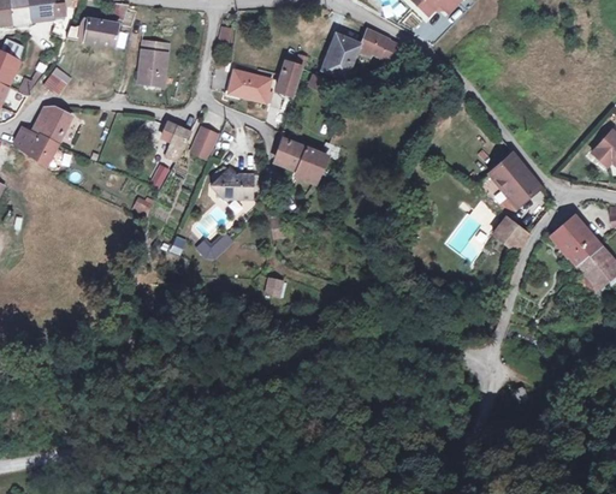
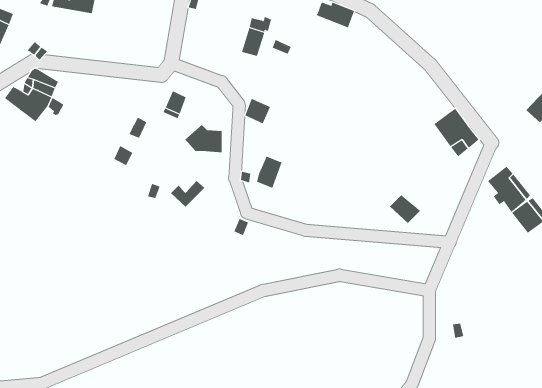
building: [322,38,359,79] -> none
building: [137,40,168,84] -> none
building: [227,70,272,102] -> none
building: [160,124,190,162] -> none
building: [297,149,326,185] -> [256,156,283,188]
building: [491,215,526,248] -> [389,194,421,224]

